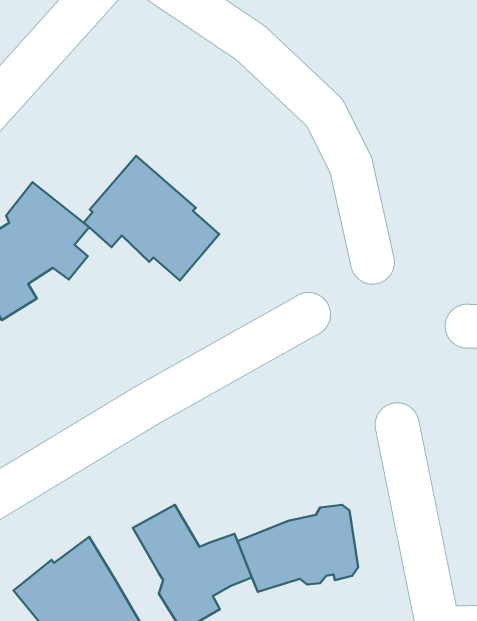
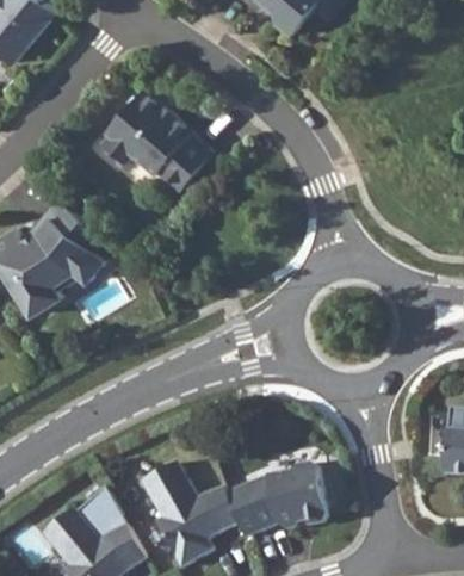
building: [84,156,219,281] -> [100,87,211,190]

